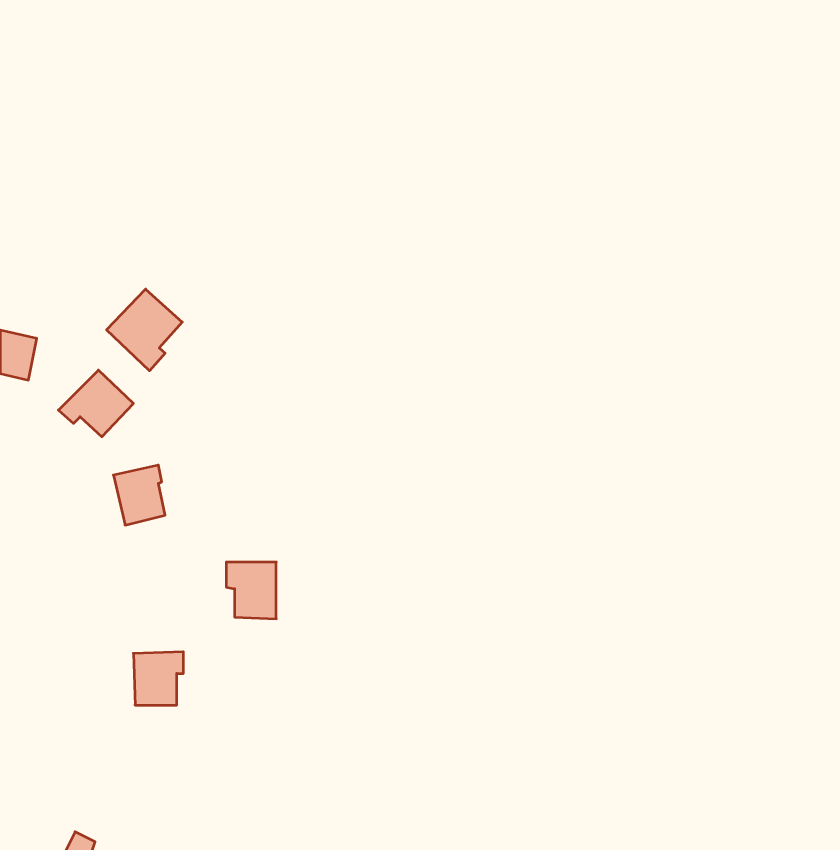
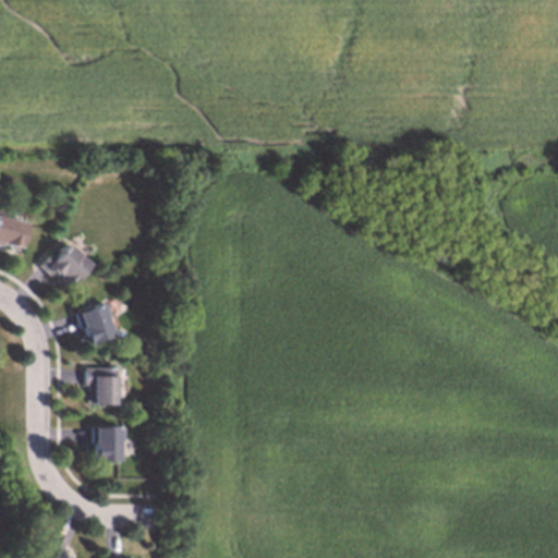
building: [107,289,182,371] -> none
building: [226,562,276,619] -> [87,369,120,407]

